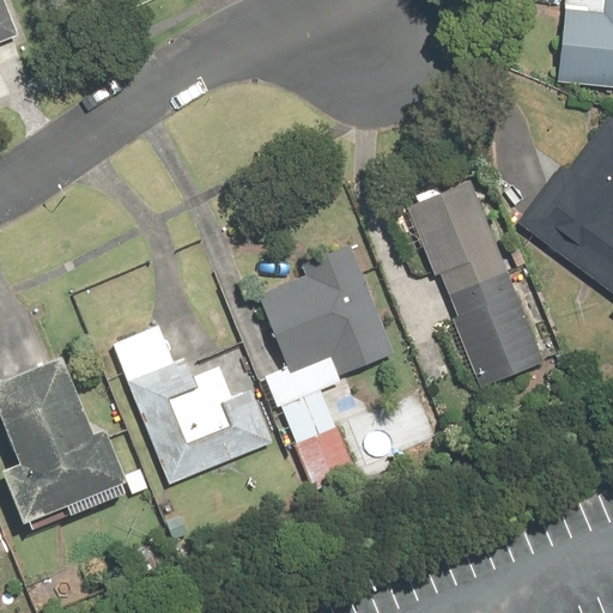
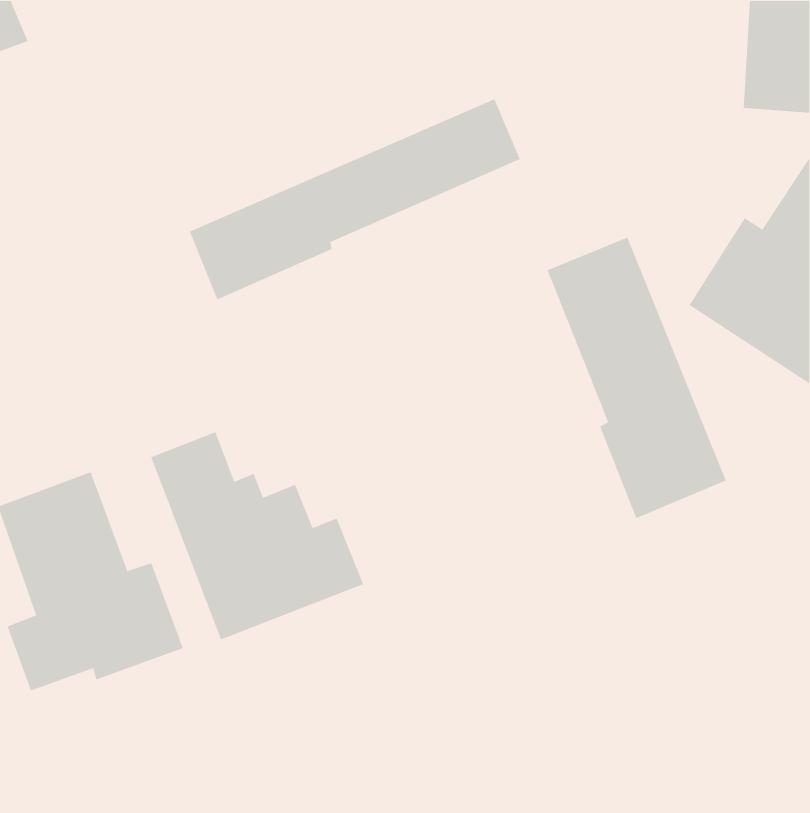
building: none -> [189,98,521,300]
building: [260,247,397,491] -> none

